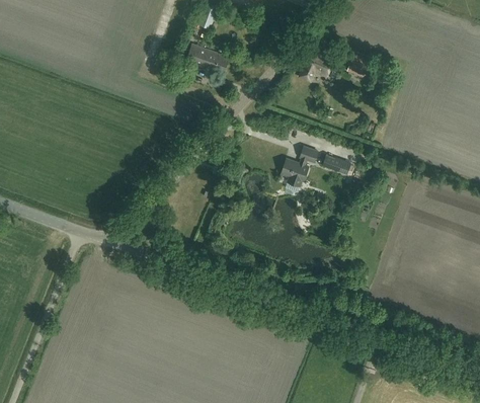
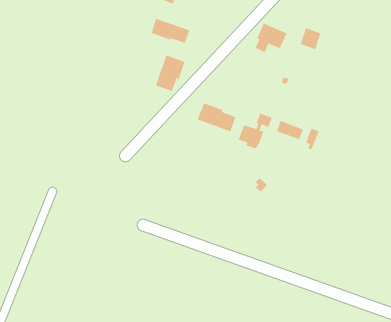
building: none -> [155,54,185,92]
building: none -> [197,103,236,132]

